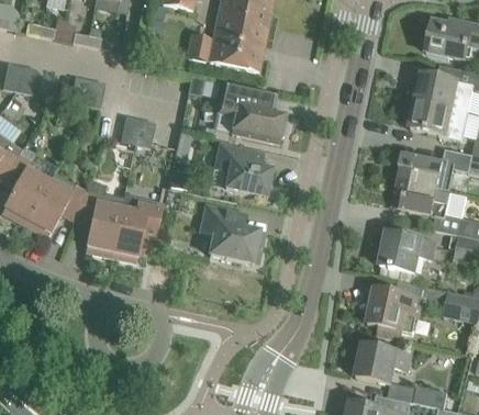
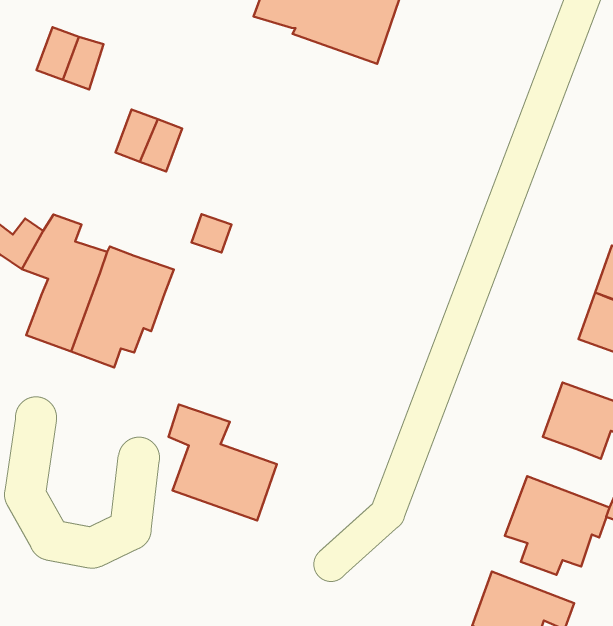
building: [216,80,285,142] -> none
building: [212,141,272,197] -> none
building: [202,204,265,262] -> [168,405,277,520]

